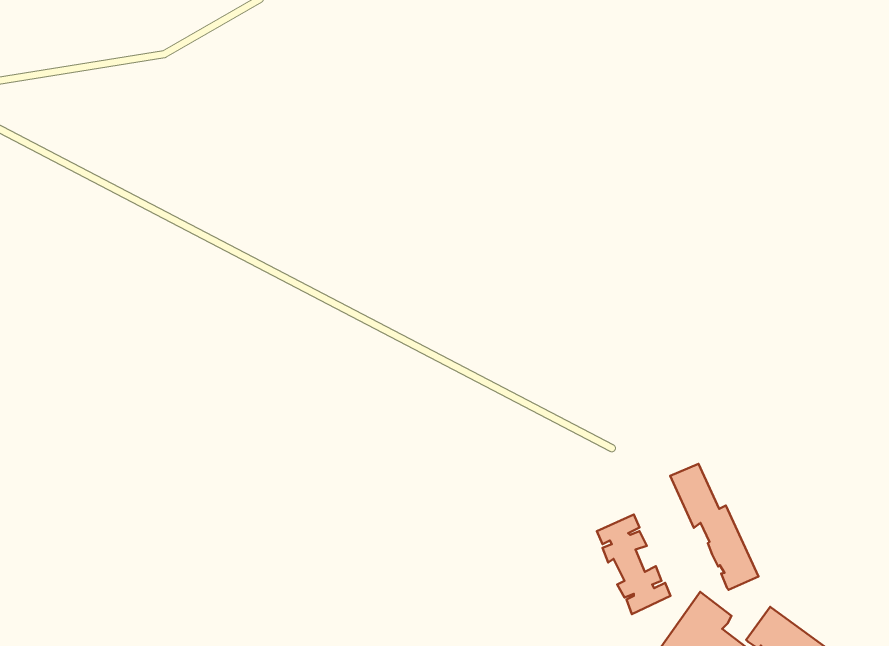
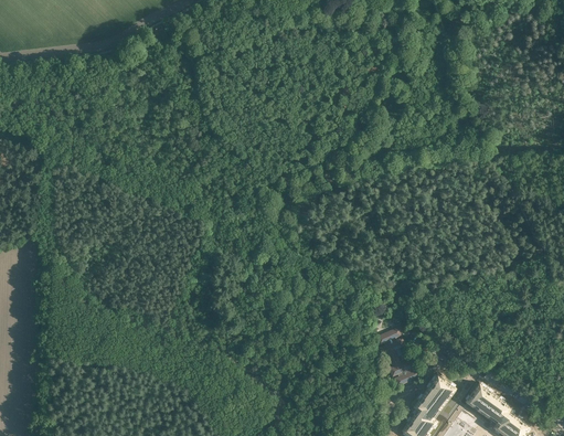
building: [670,464,759,590] -> none

